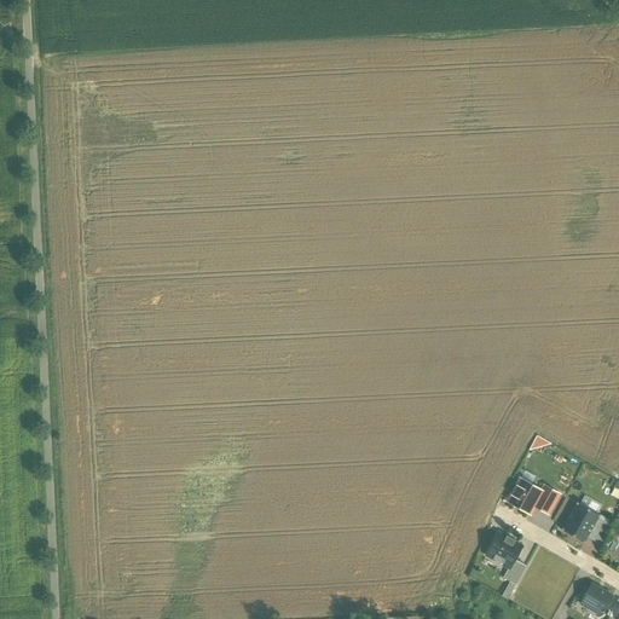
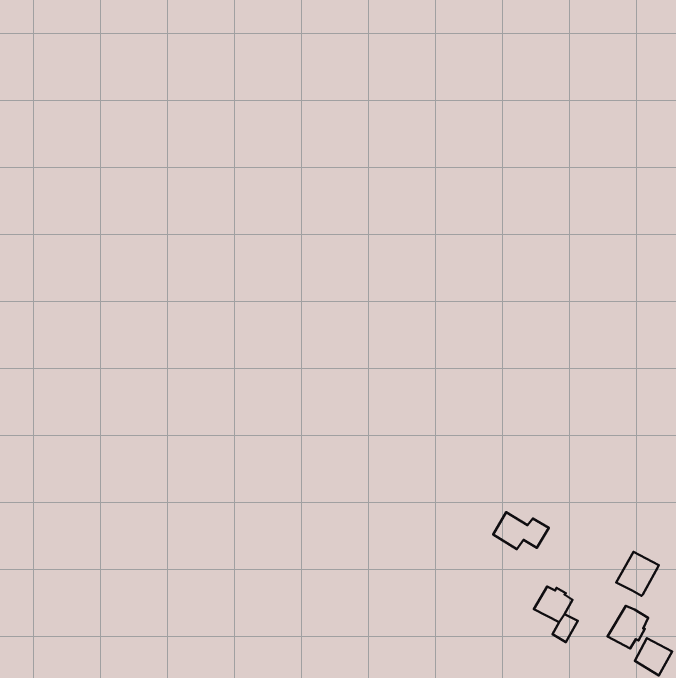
building: [509,479,560,513] -> [493,512,549,549]
building: none -> [608,606,648,649]

